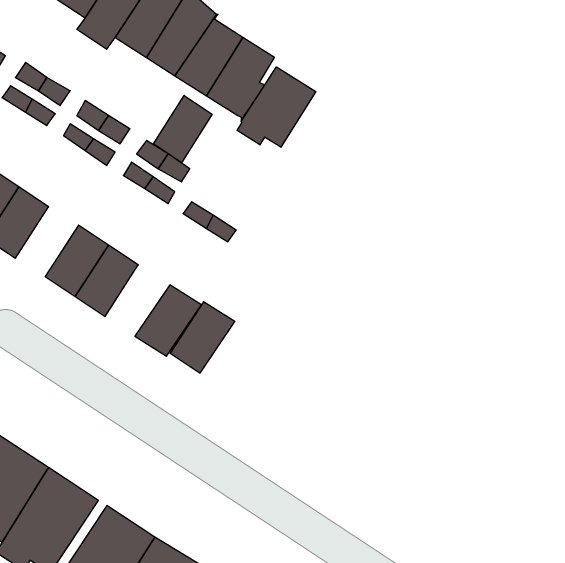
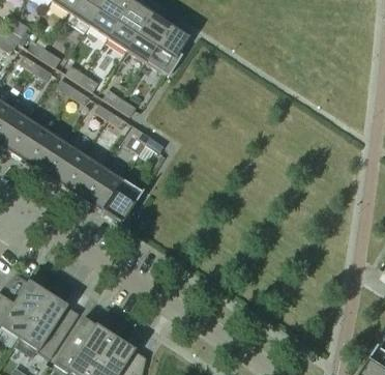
building: [237,67,316,147] -> none
building: [154,95,212,163] -> none
building: none -> [26,131,65,174]
building: [170,302,235,373] -> [82,167,122,211]

